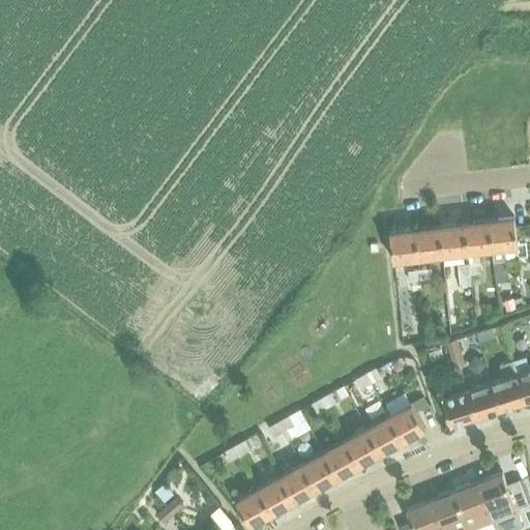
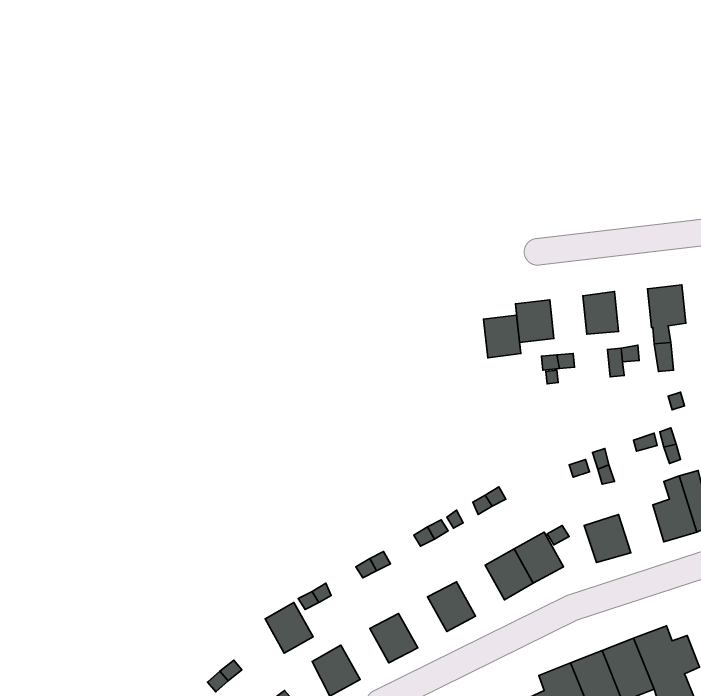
building: [464,223,492,255] -> none
building: [415,228,443,260] -> [484,315,521,358]
building: [467,385,501,421] -> none
building: [345,431,381,469] -> none
building: [301,454,337,493] -> none
building: [258,478,294,517] -> [265,602,313,653]

